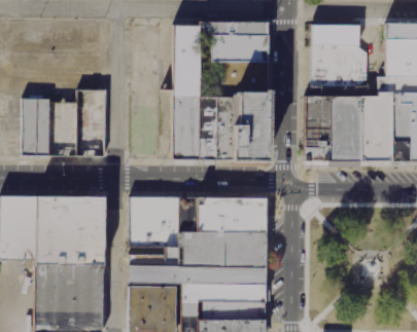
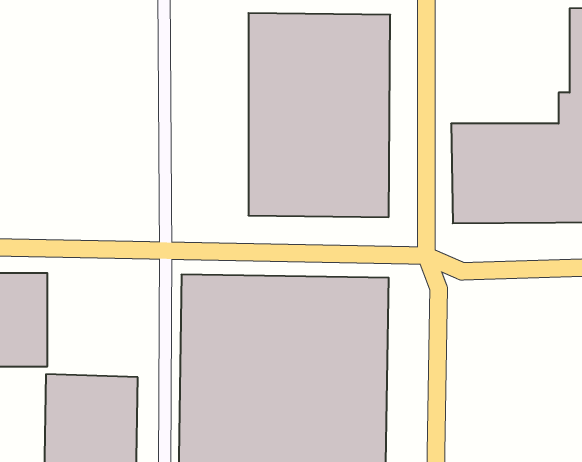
building: [311,24,369,85] -> none
building: [24,87,104,153] -> none
building: [39,195,102,264] -> none

